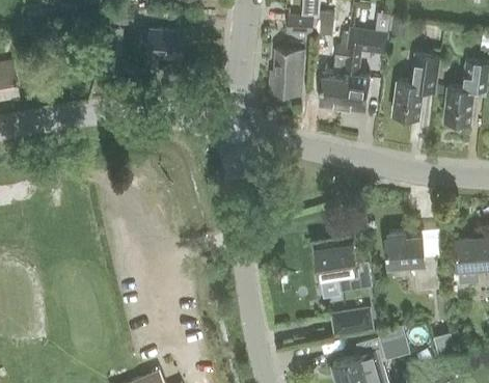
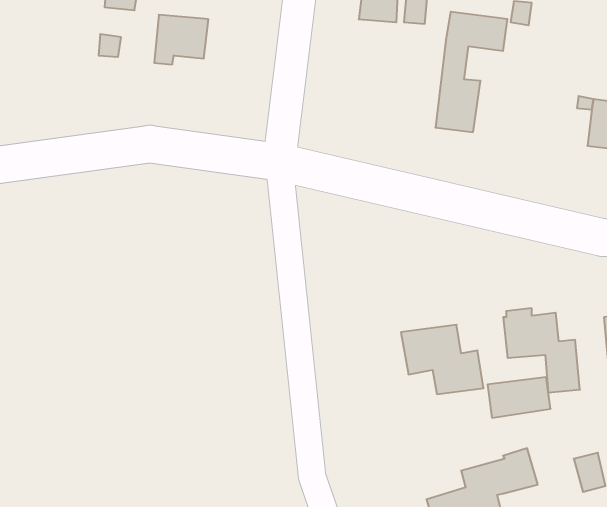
building: [318,45,346,107] -> none
building: [268,51,304,95] -> none
building: [392,53,439,117] -> none
building: [329,307,373,335] -> [487,377,551,418]

